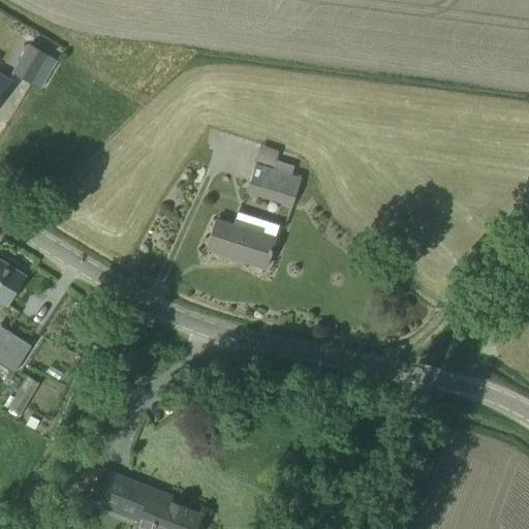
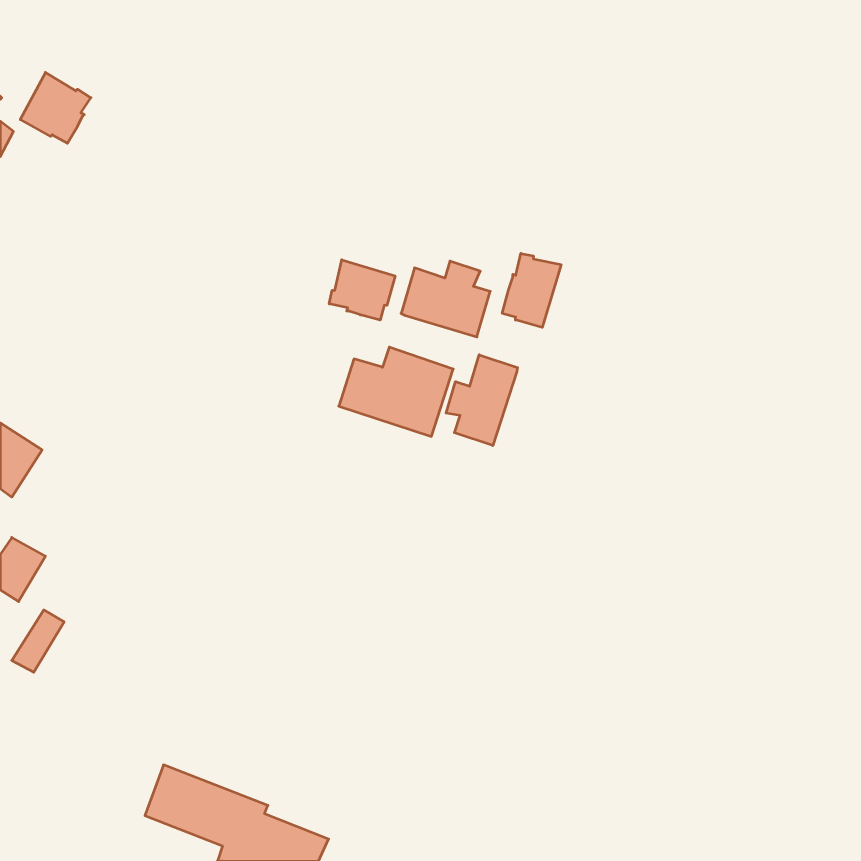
building: none -> [502,253,561,327]
building: none -> [329,260,395,320]
building: none -> [446,355,518,446]

